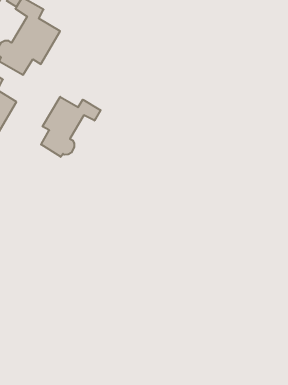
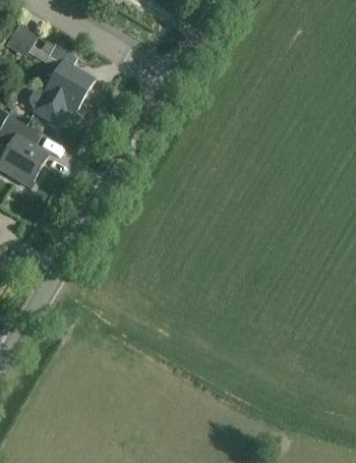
building: [41,97,101,157] -> none

